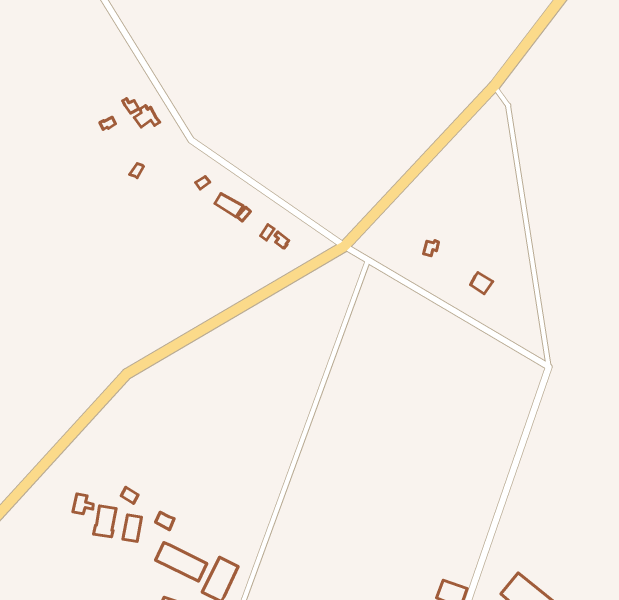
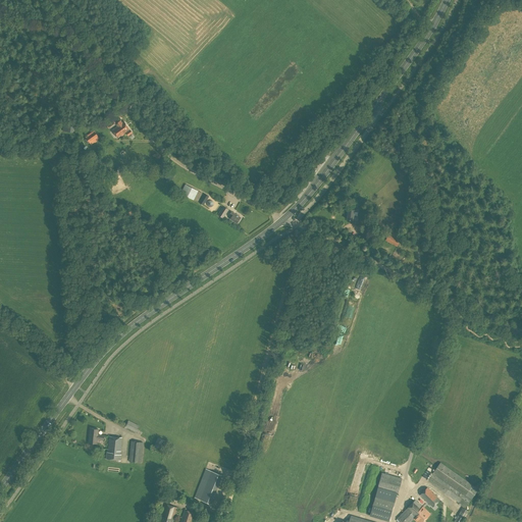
building: [155,543,207,581] -> none

